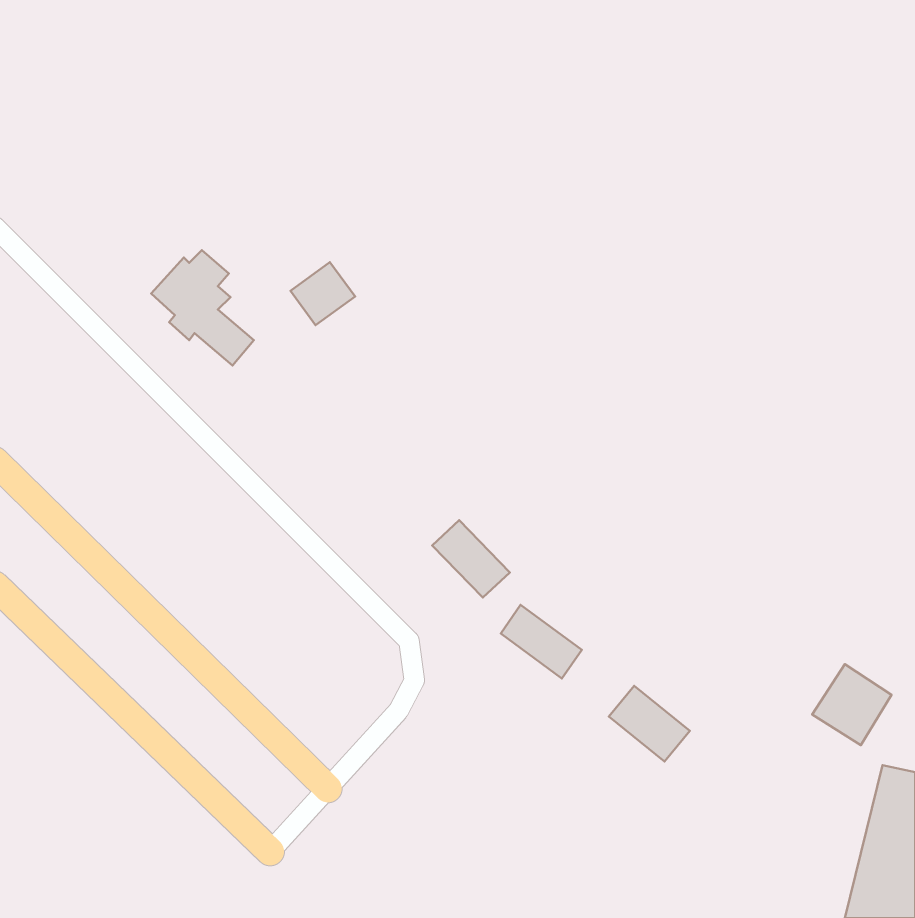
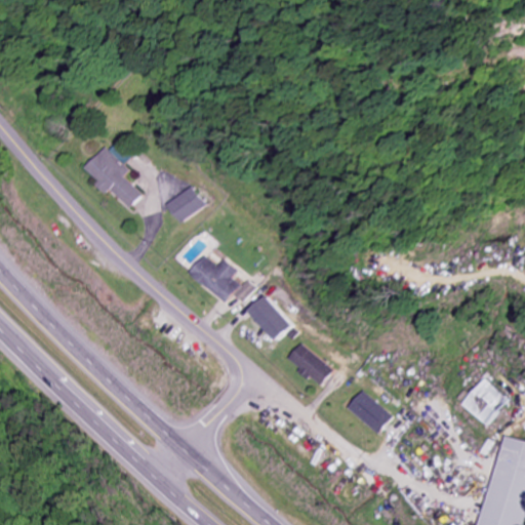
building: [290,262,355,325] -> [166,187,203,223]
building: none -> [187,255,237,301]

